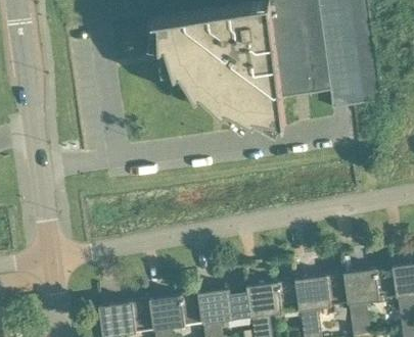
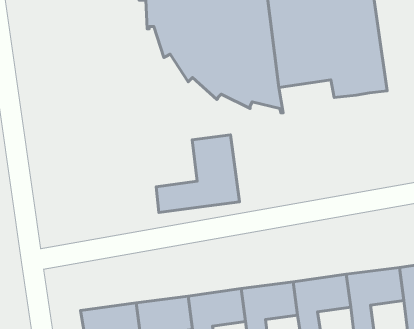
building: none -> [156,135,240,213]

